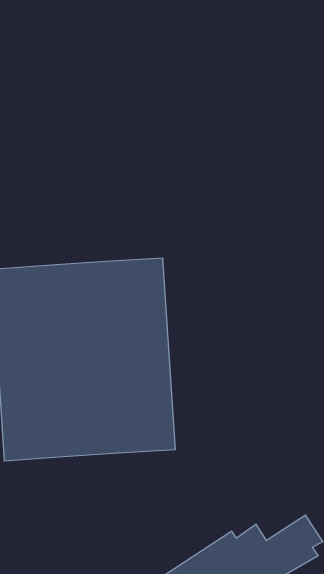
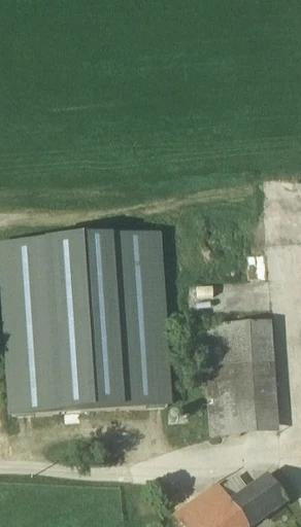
building: none -> [206,318,281,437]

